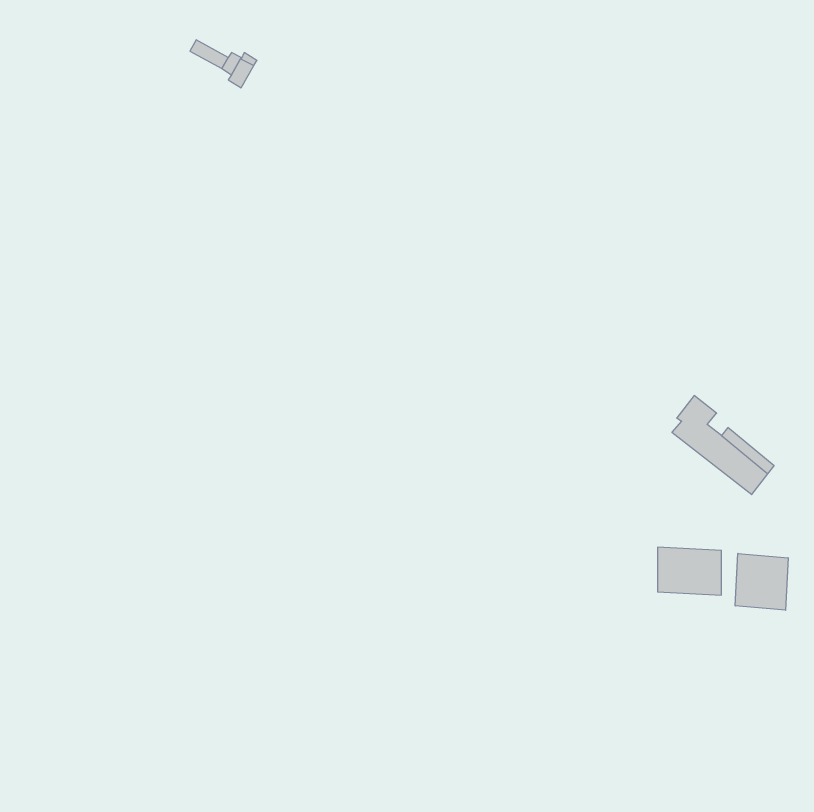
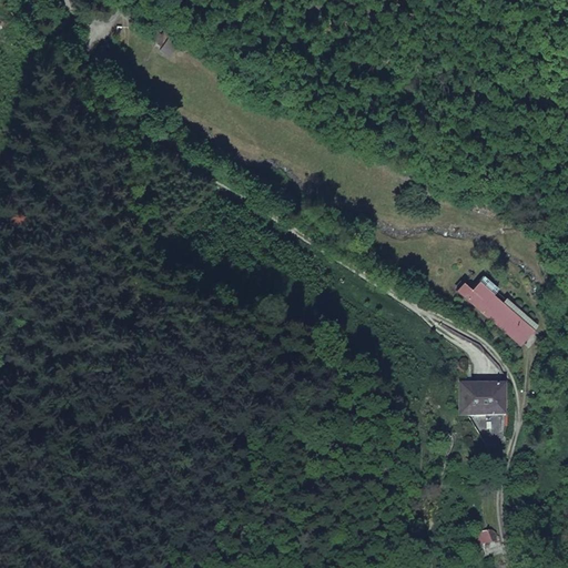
building: [735,553,788,610] -> none

